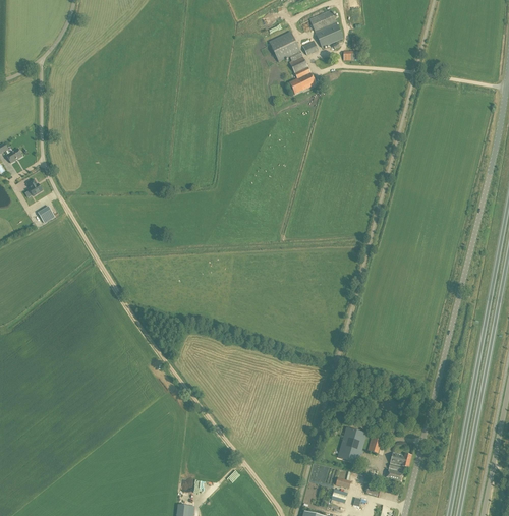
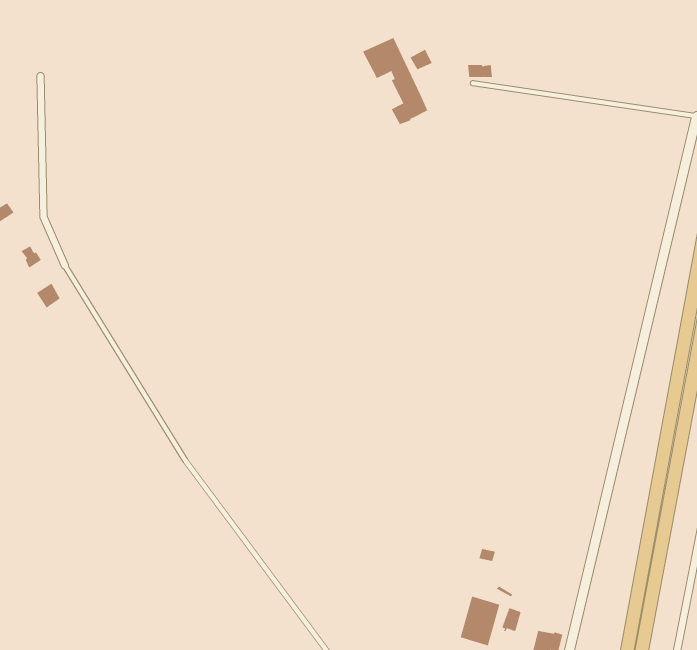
building: [308,9,342,47] -> none

